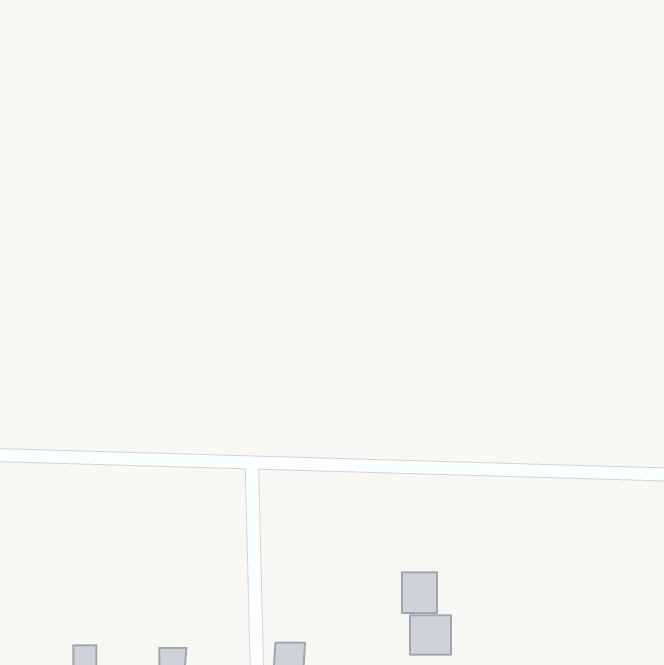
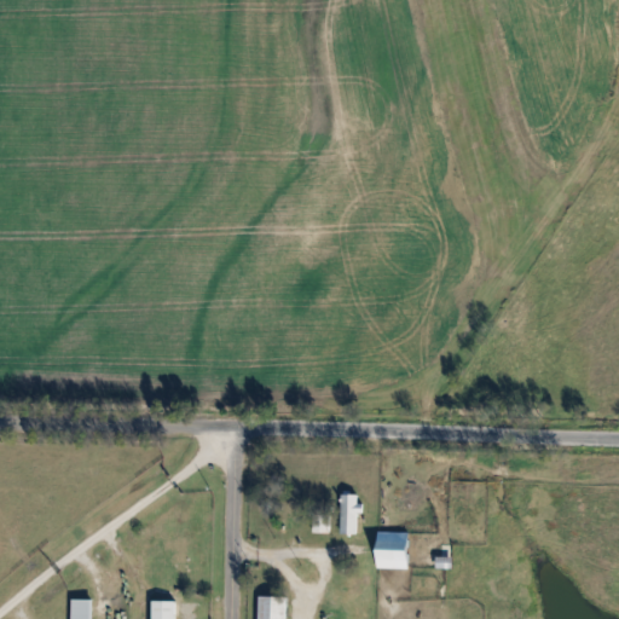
building: none -> [339,493,359,534]
building: [410,615,451,655] -> none

